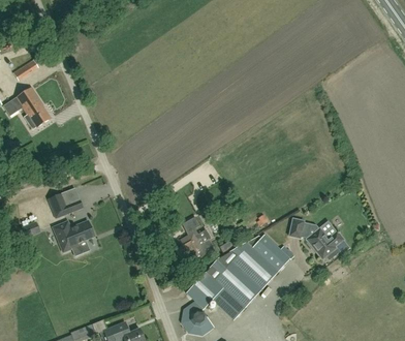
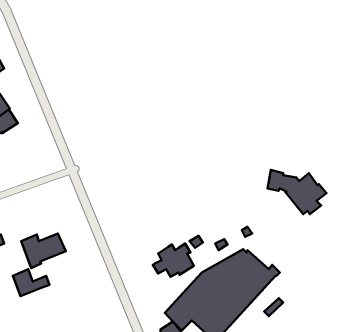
building: [49,193,83,218] -> [13,269,50,296]
building: [289,218,344,259] -> [267,170,327,214]

